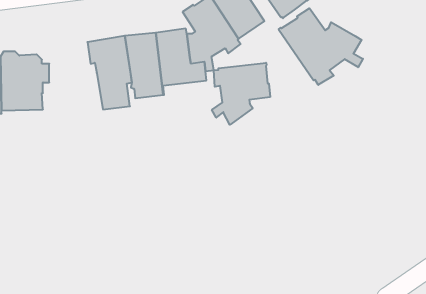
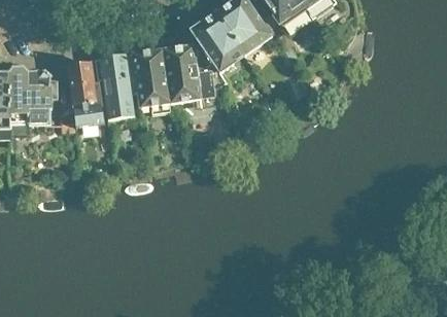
building: [279,8,363,85] -> none
building: none -> [67,59,103,132]
building: [212,63,270,125] -> none

